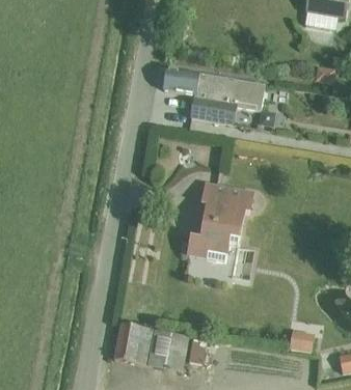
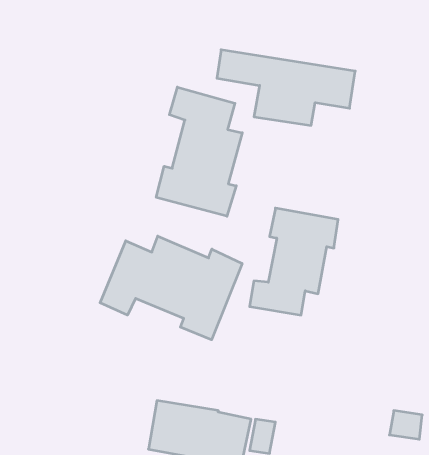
building: none -> [156,87,242,216]
building: none -> [100,236,242,340]

